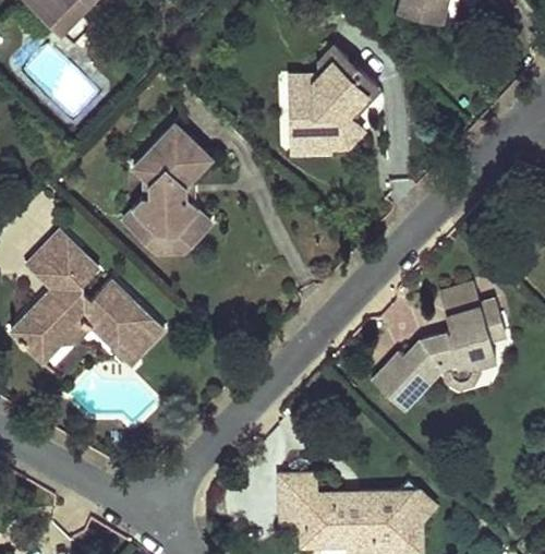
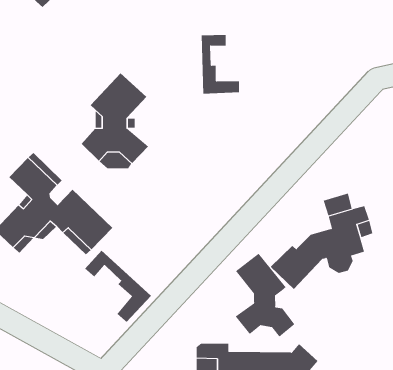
building: [293,47,382,148] -> none
building: none -> [84,250,152,323]
building: none -> [235,253,295,338]

